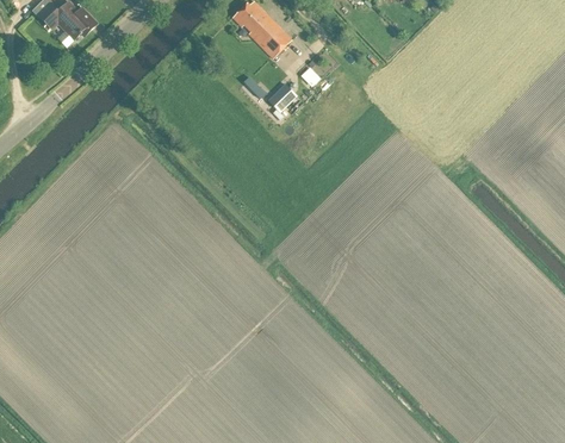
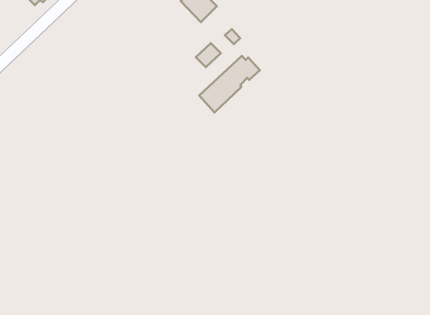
building: none -> [199,56,260,112]

